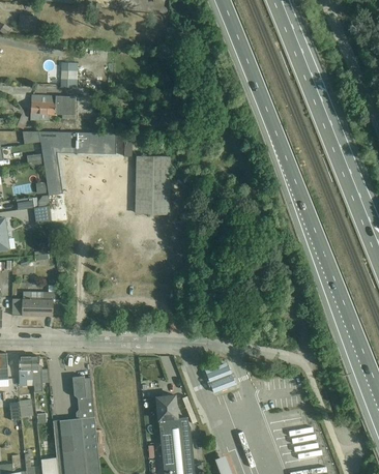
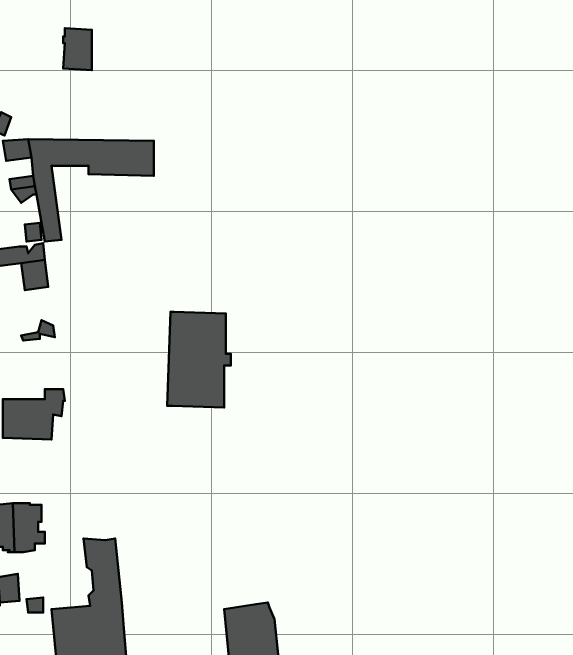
building: [29,95,75,121] -> none
building: [134,156,173,215] -> [167,312,231,407]
building: [206,366,235,393] -> none
building: [154,394,178,422] -> none

